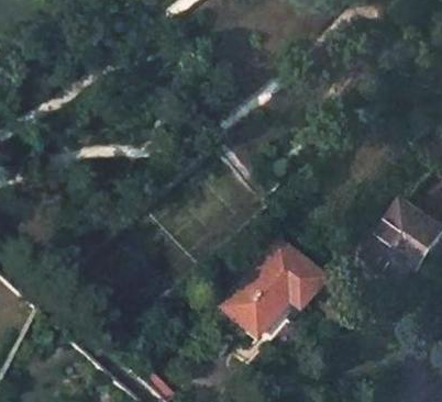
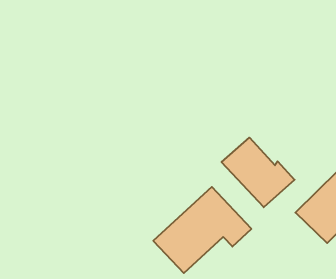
building: none -> [222,138,295,207]

